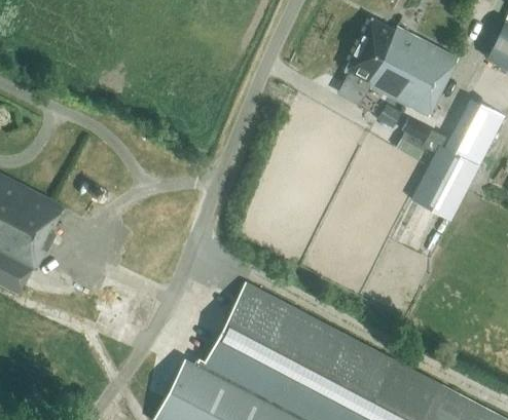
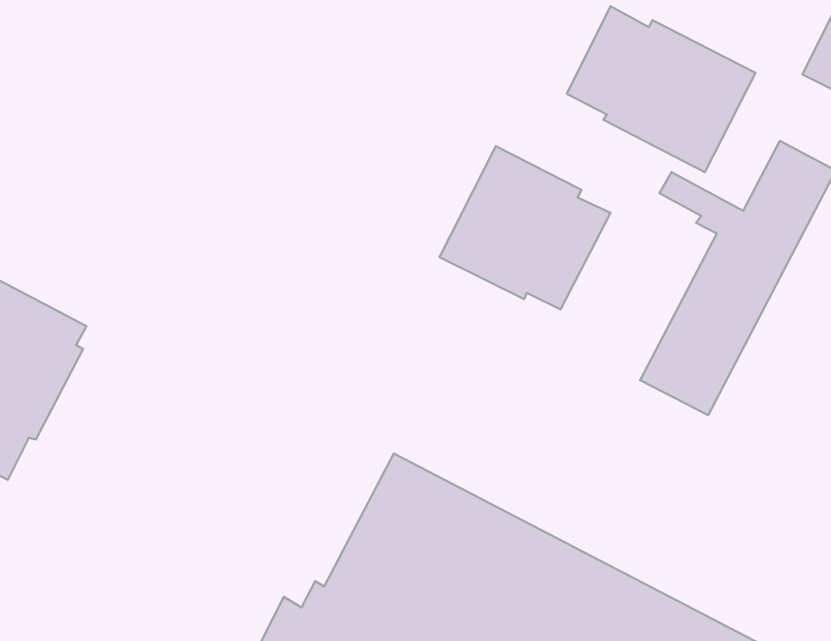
building: none -> [439,146,610,309]

